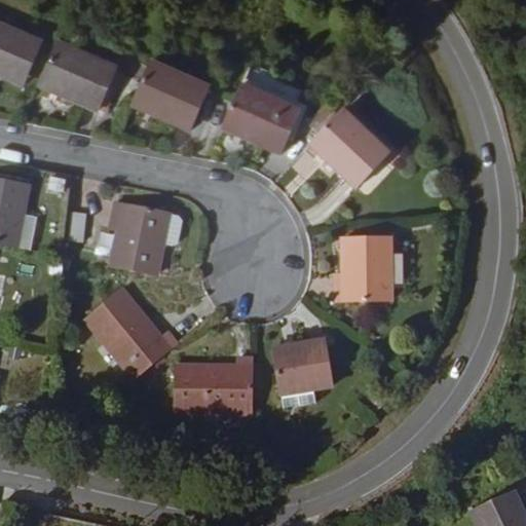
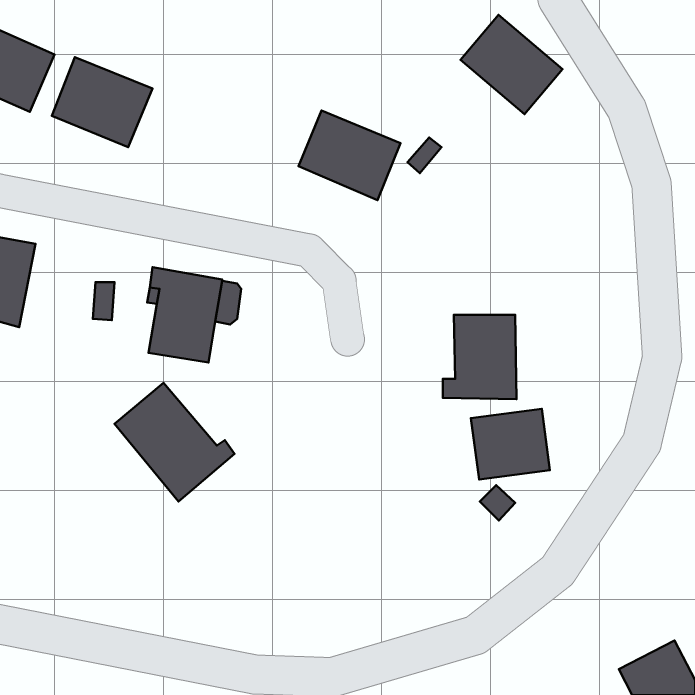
building: [132,61,209,129] -> none
building: [310,110,387,185] -> [460,15,563,114]
building: [271,339,331,392] -> [471,409,550,480]
building: [176,358,253,413] -> none

